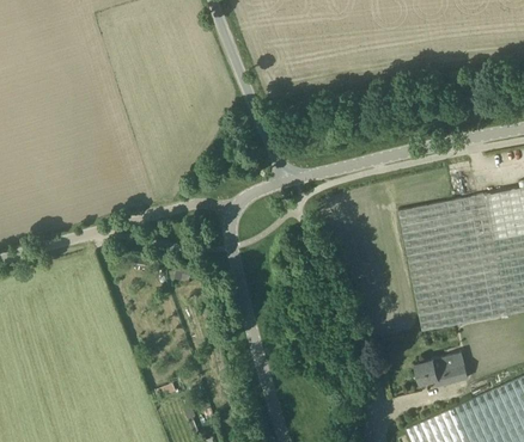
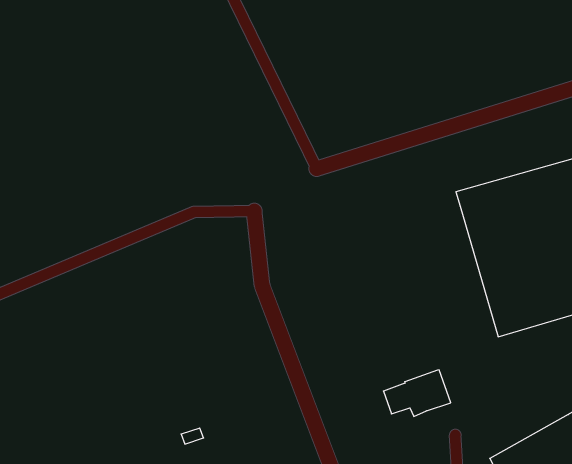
building: [415,351,469,387] -> [383,370,451,416]

